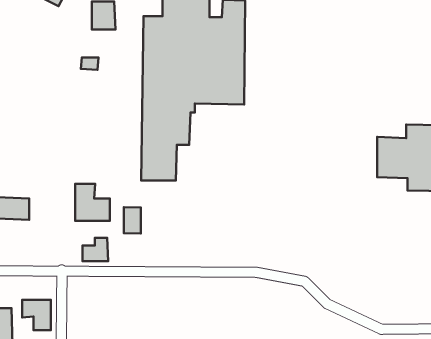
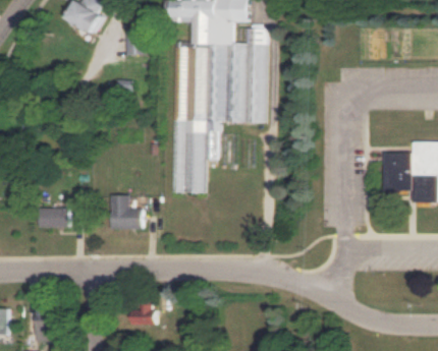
building: [124,207,141,234] -> none
building: [83,238,108,261] -> [132,303,156,325]
building: [22,300,51,330] -> none

